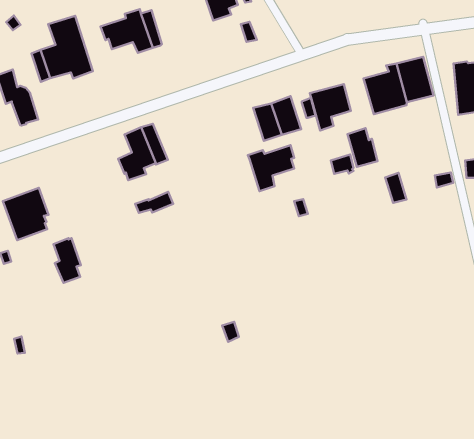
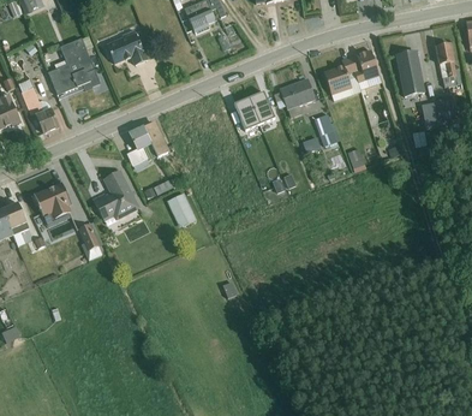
building: [248,145,294,191] -> none
building: none -> [92,171,138,220]
building: none -> [167,192,197,227]

